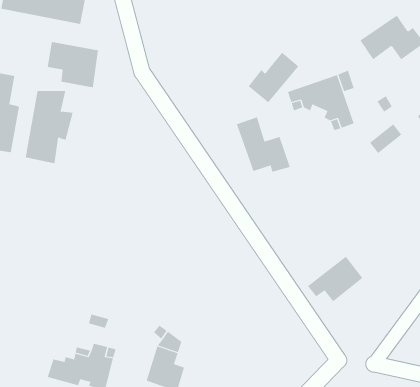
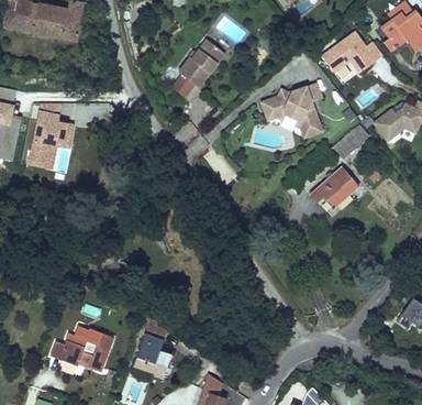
building: [47,41,99,88] -> none
building: [248,52,299,103] -> [178,39,224,85]
building: [236,116,290,173] -> none
building: [307,256,363,302] -> [309,167,359,209]

